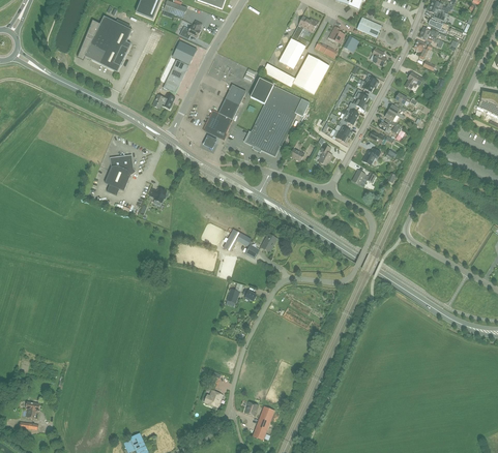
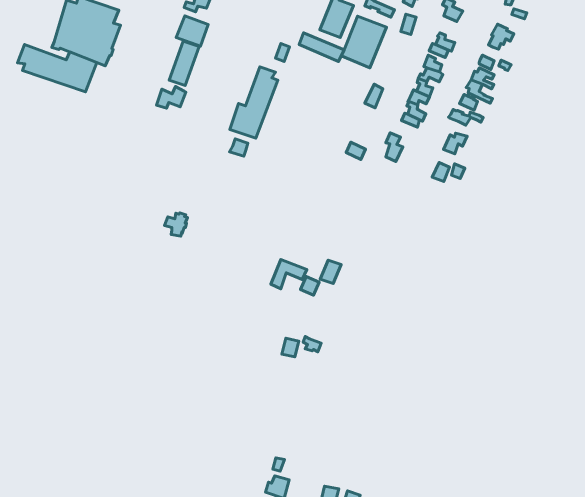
building: none -> [18,45,97,92]
building: [246,78,310,153] -> none
building: [105,154,136,194] -> none

